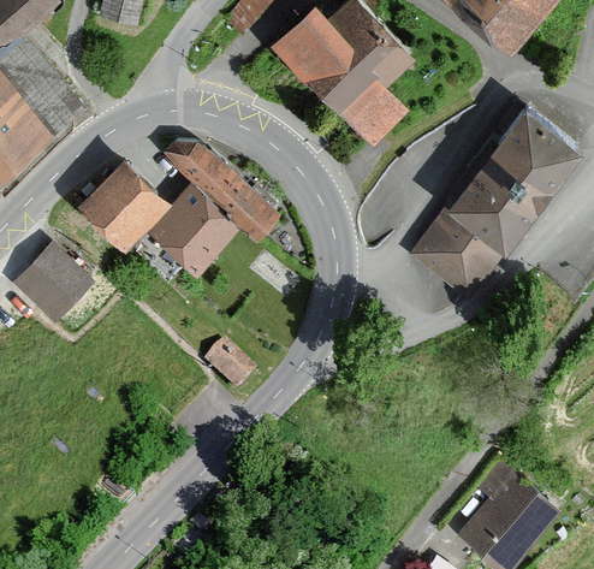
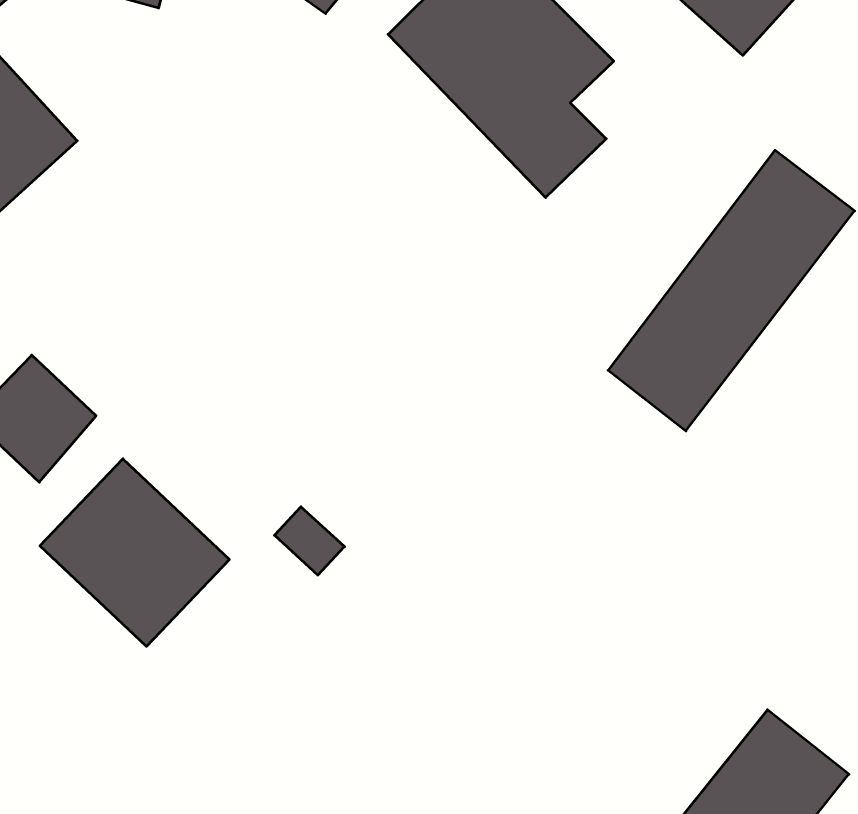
building: [154,142,273,267] -> none
building: [82,167,161,247] -> none
building: none -> [40,459,229,646]

